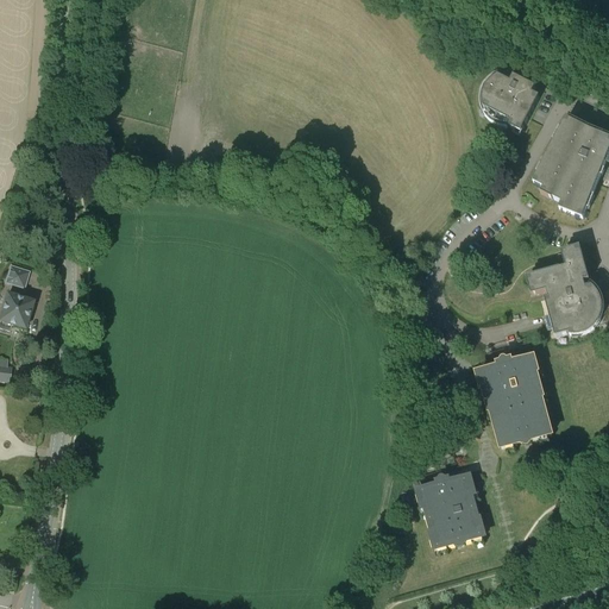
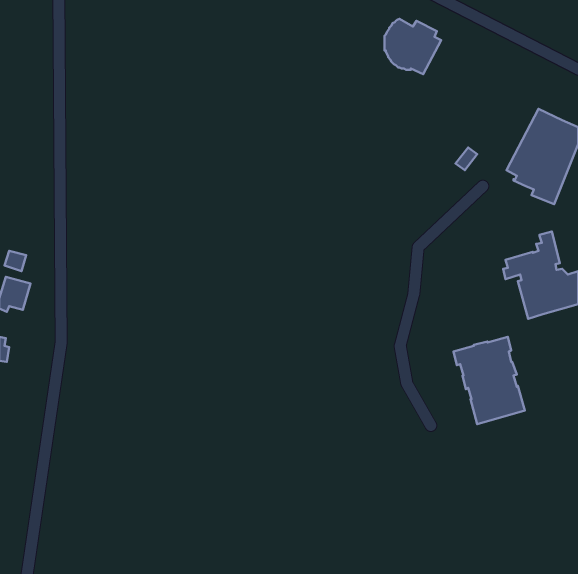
building: [479,70,539,128] -> [385,19,441,74]
building: [416,472,484,545] -> none

